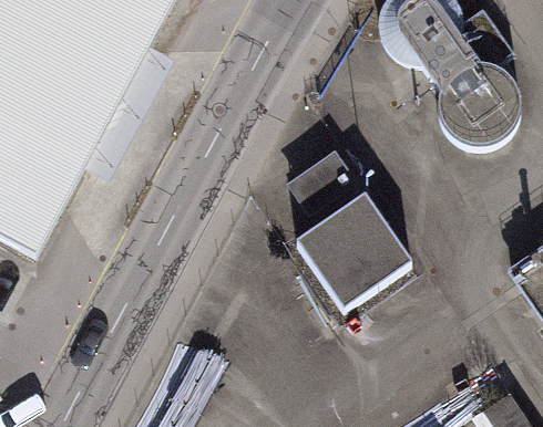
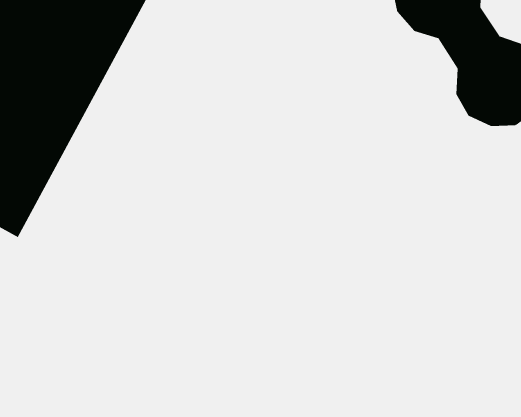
building: [266,149,414,313] -> none

